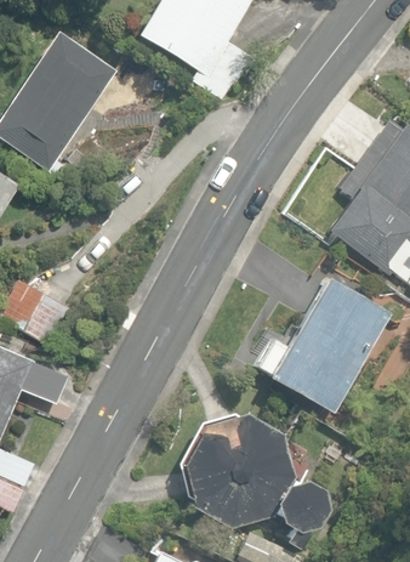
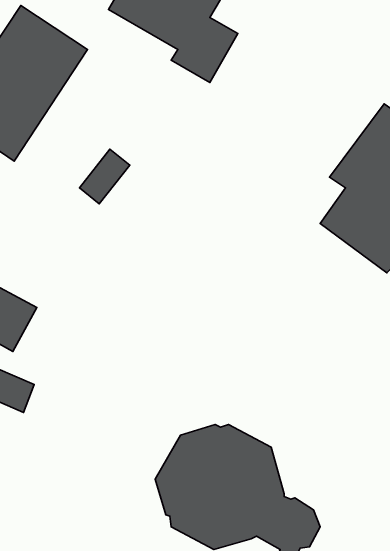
building: [257,277,389,413] -> none

